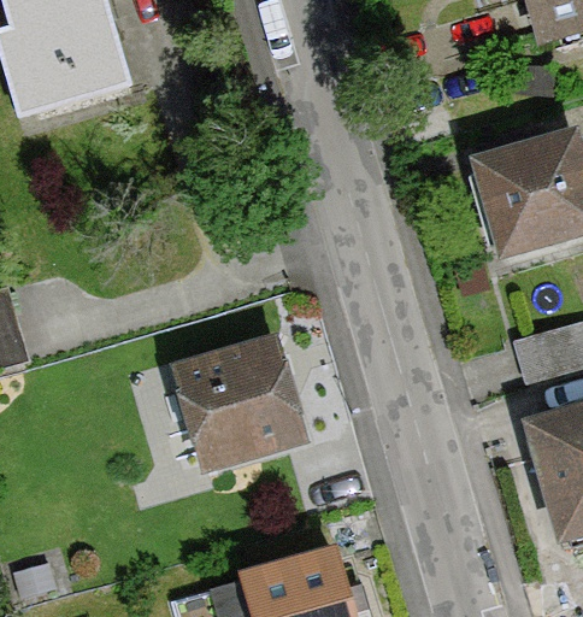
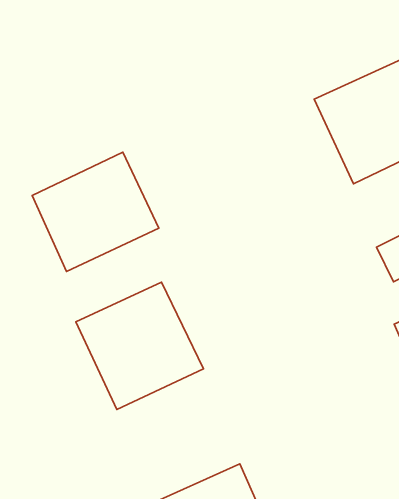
building: none -> [32,152,159,272]

